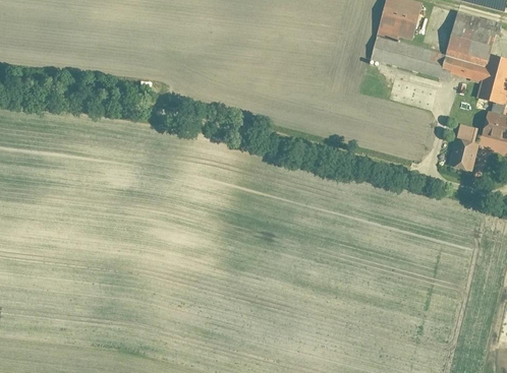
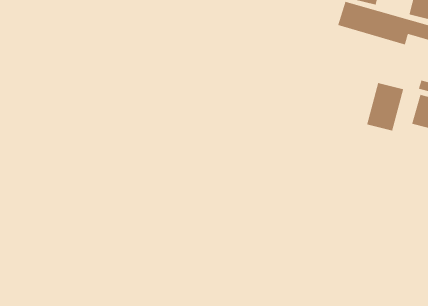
building: none -> [366,82,404,131]

